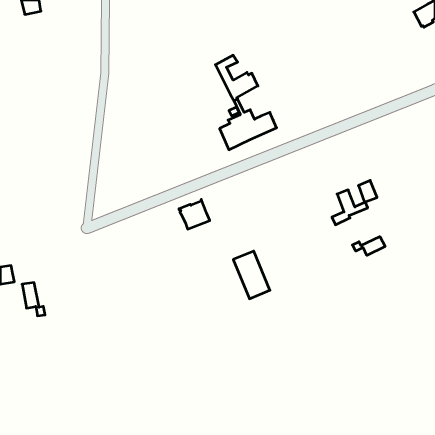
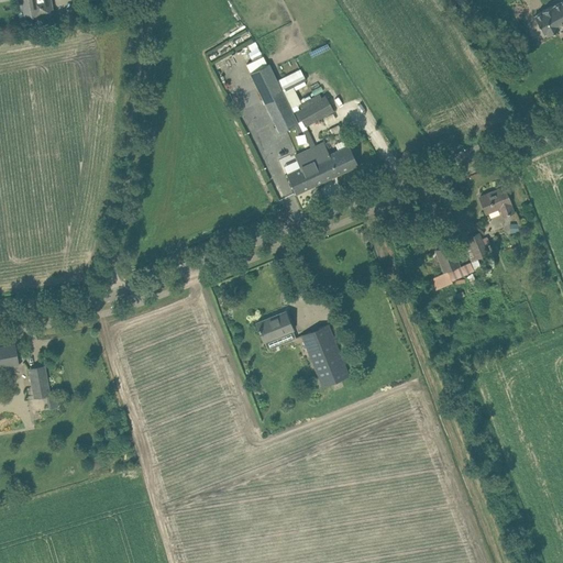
building: none -> [249,63,298,132]
building: none -> [479,187,514,216]
building: [179,199,210,229] -> [256,311,296,350]
building: [352,237,385,255] -> none

